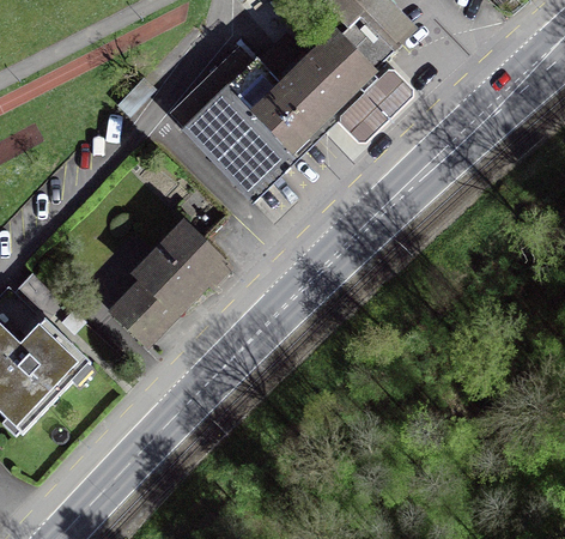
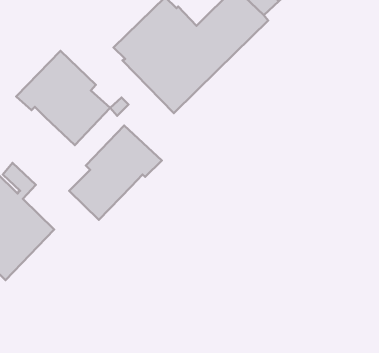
building: [338,67,413,141] -> none
building: none -> [16,51,110,145]

